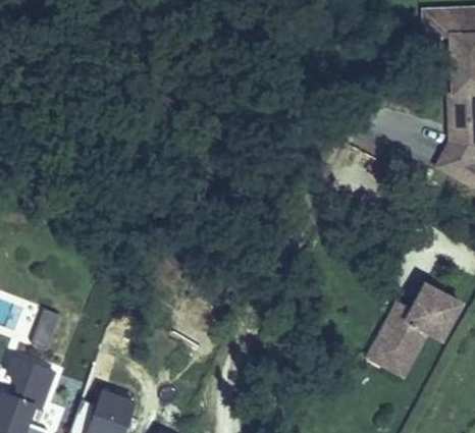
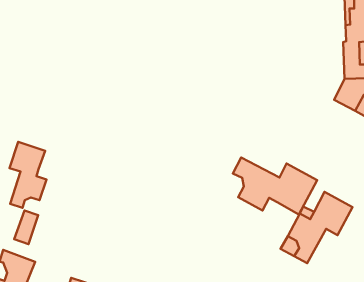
building: none -> [9,142,46,208]
building: none -> [233,157,317,214]

